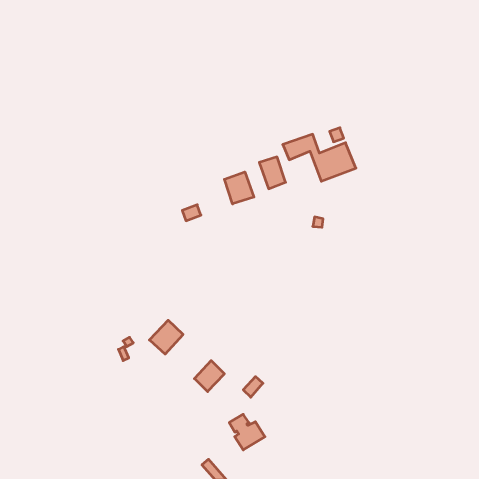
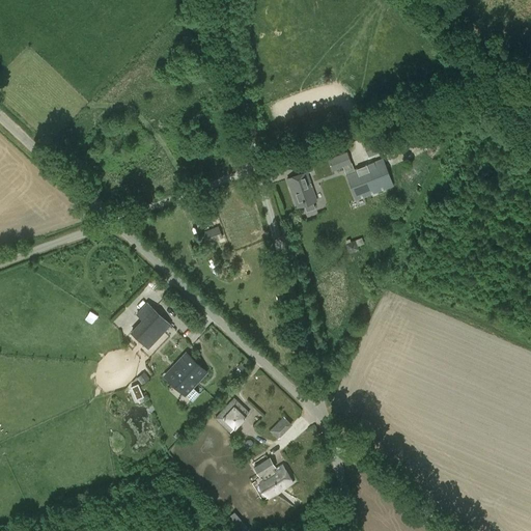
building: [224,172,254,204] -> none
building: none -> [131,309,169,348]

